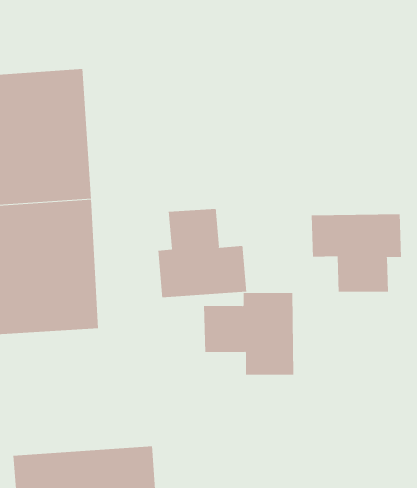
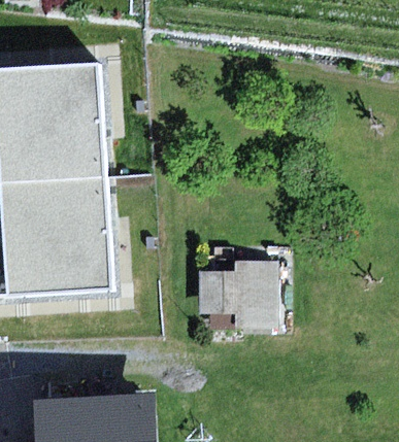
building: [158,208,247,298] -> none
building: [311,214,401,292] -> none

